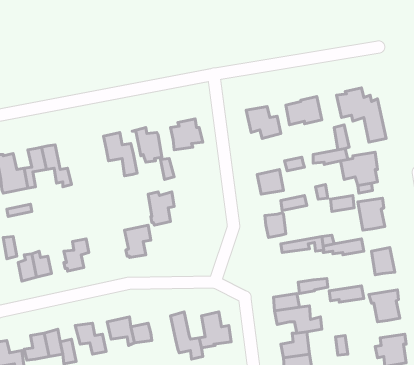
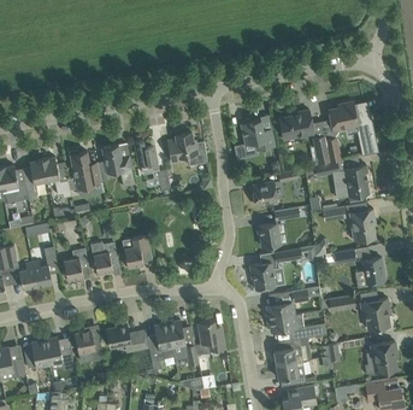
building: none -> [70,150,101,189]
building: [148,192,174,225] -> [92,241,117,274]
building: none -> [249,262,276,289]
building: none -> [148,323,175,361]

